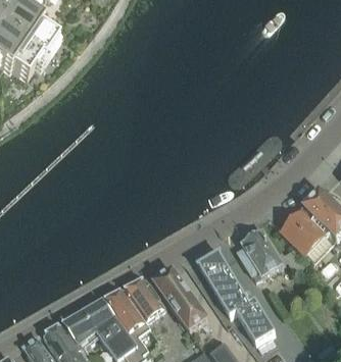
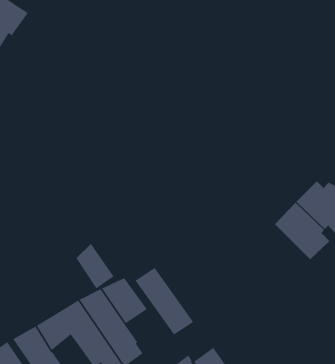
building: [235,230,303,275] -> none
building: none -> [75,243,114,289]
building: [196,252,274,344] -> none

